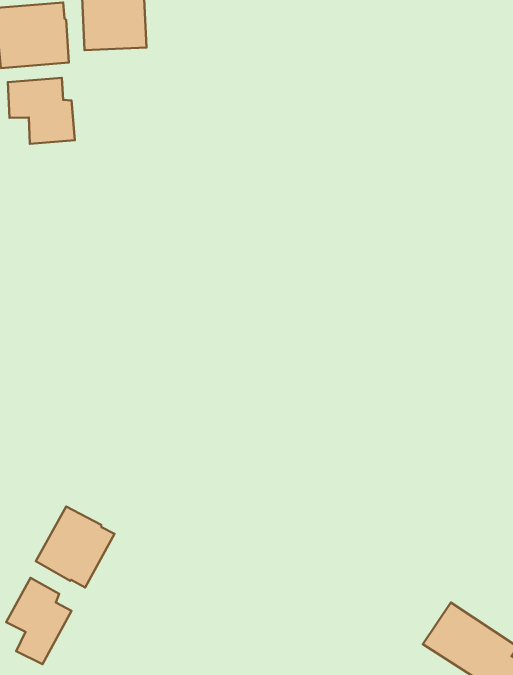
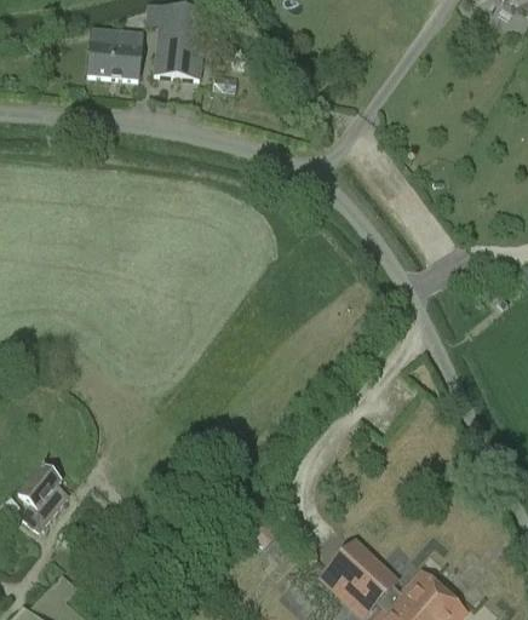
building: [8,78,75,144] -> none
building: [36,507,115,588] -> none

